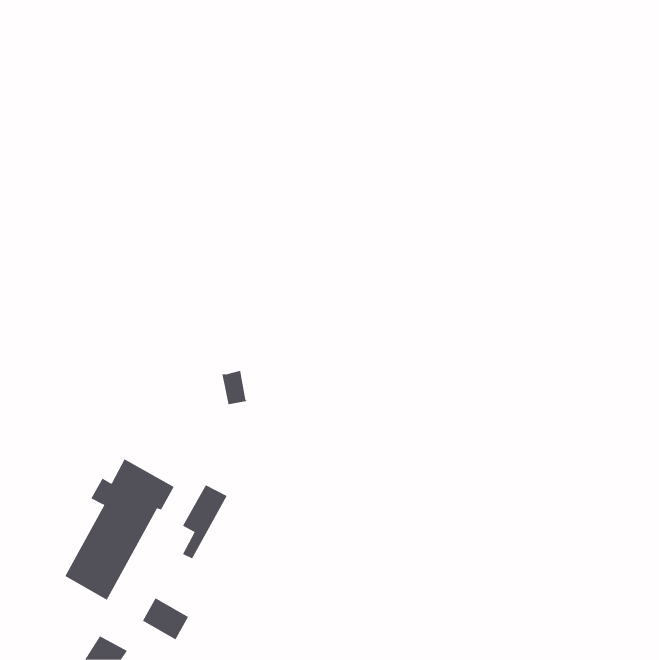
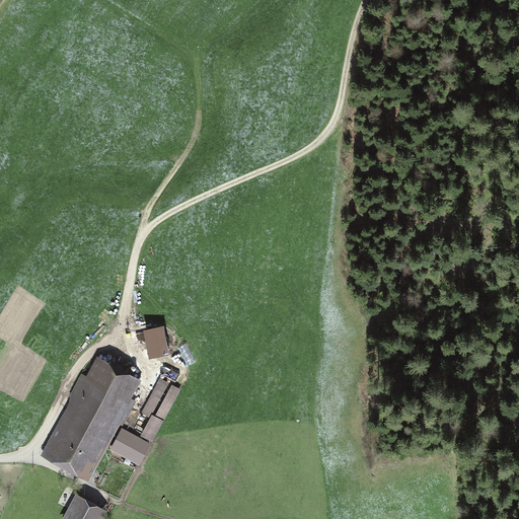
building: [222,370,247,405] -> [145,328,165,356]
building: [142,597,189,640] -> [112,430,148,463]

